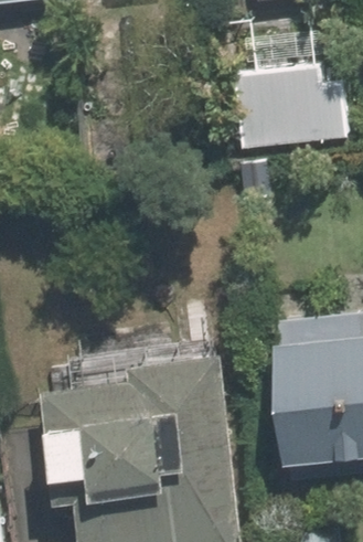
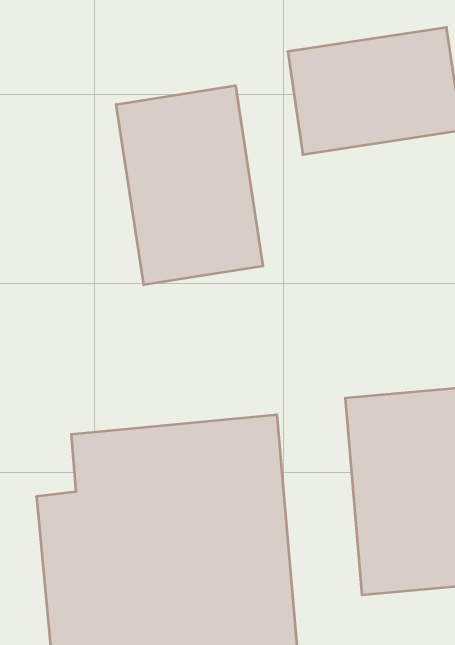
building: none -> [116,86,263,285]

